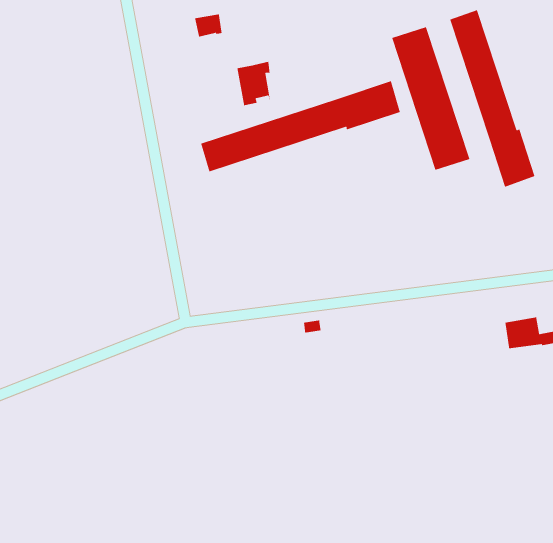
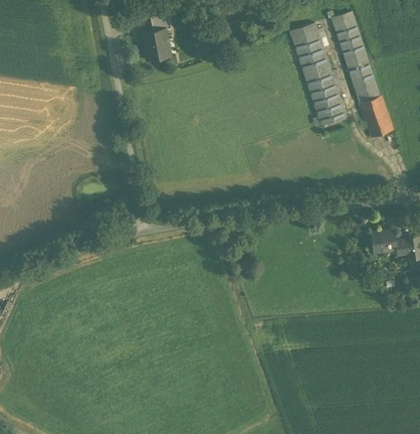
building: [237,61,276,106] -> [143,29,171,61]
building: [200,80,401,172] -> none

